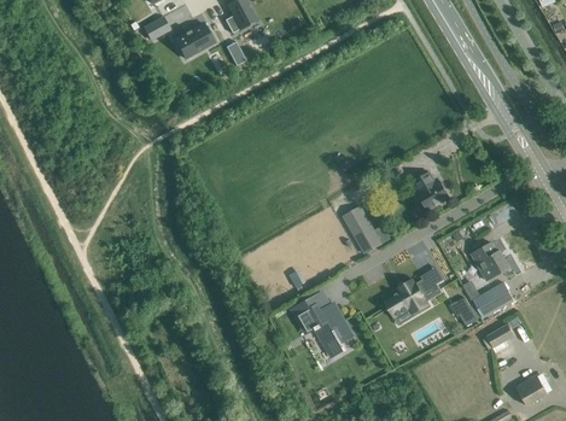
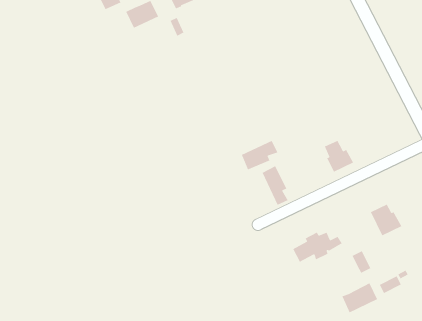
building: none -> [241,140,278,171]
building: [472,280,515,317] -> [341,282,378,313]
building: [294,297,352,355] -> none

